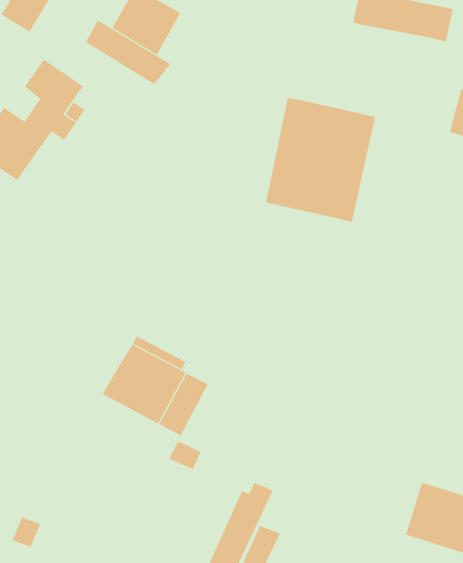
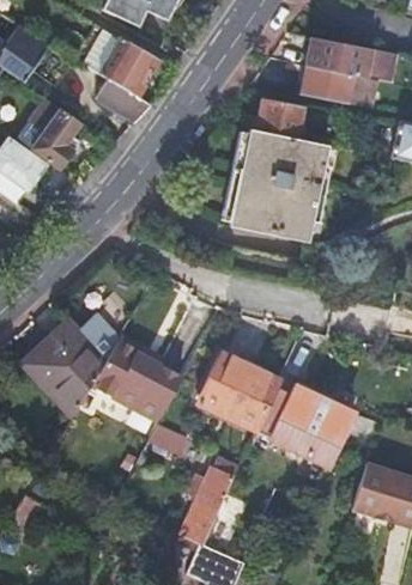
building: none -> [302,67,376,109]
building: none -> [256,99,301,140]
building: none -> [22,321,104,418]
building: none -> [195,354,278,433]
building: none -> [269,388,353,465]

